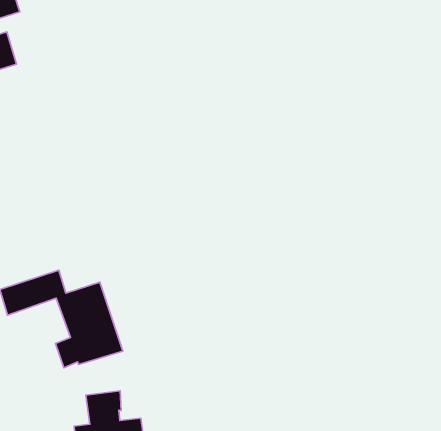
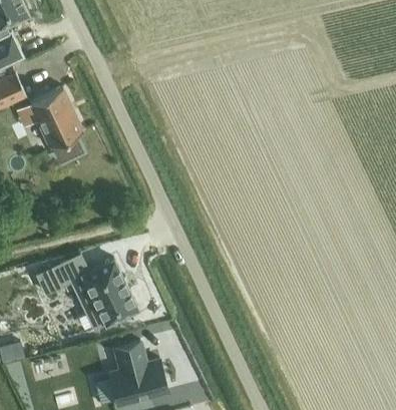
building: none -> [29,88,83,161]

